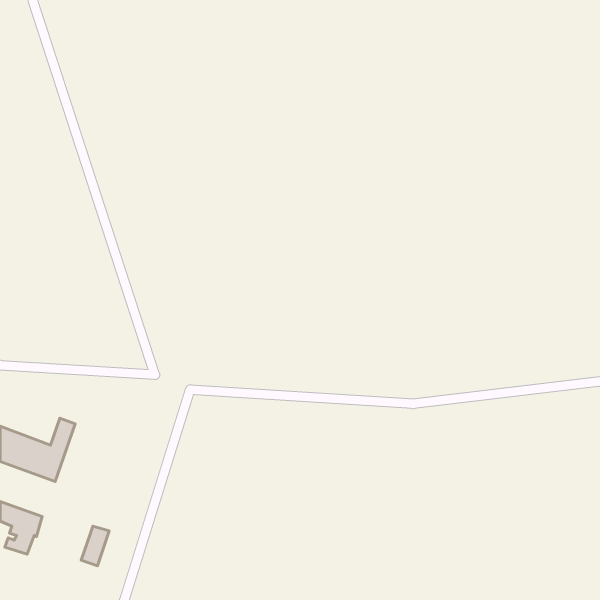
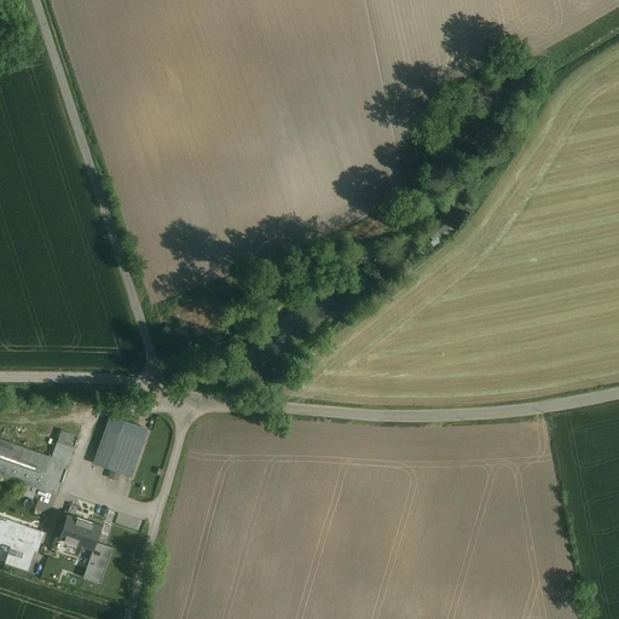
building: none -> [94,417,145,475]
building: none -> [58,514,100,549]

